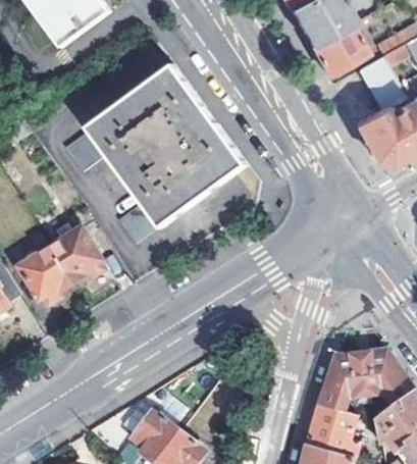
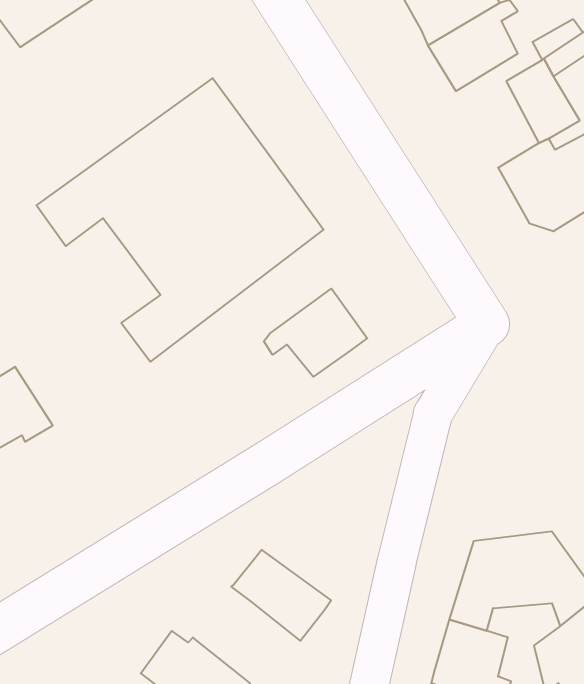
building: none -> [264,289,367,377]
building: [51,218,114,282] -> none
building: none -> [231,550,331,641]

